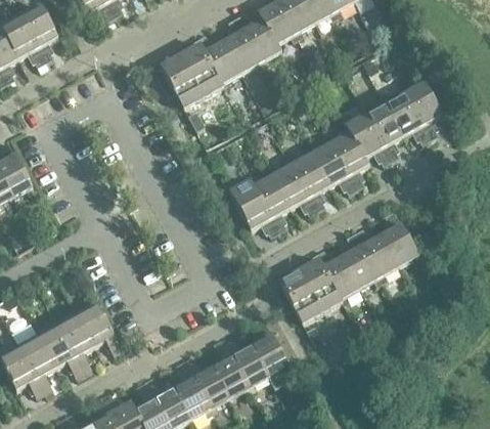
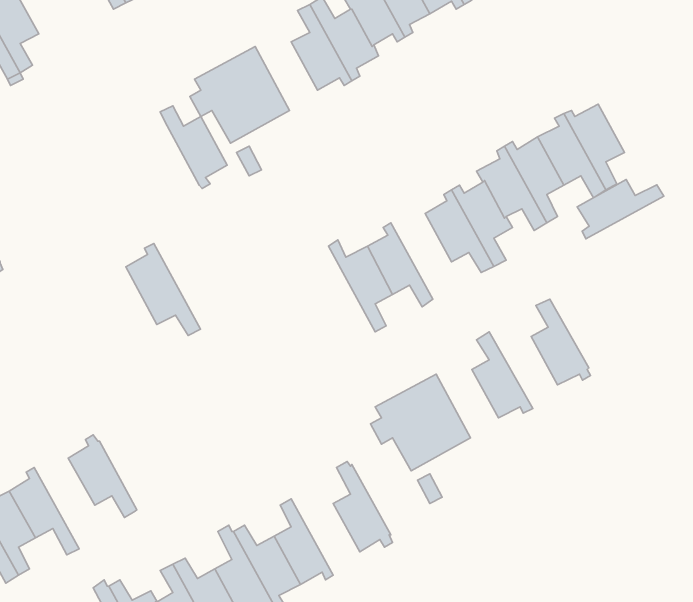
building: [196,34,240,88] -> [160,106,227,188]
building: none -> [577,180,664,239]
building: [288,154,328,210] -> none
building: [229,175,278,235] -> [126,243,201,335]
building: [353,227,398,282] -> none
building: [315,249,359,303] -> none
building: [54,314,94,374] -> none
building: [223,337,268,391] -> none

